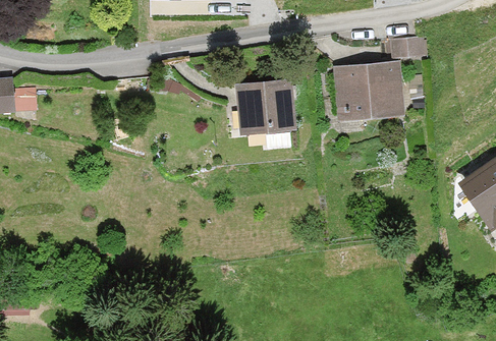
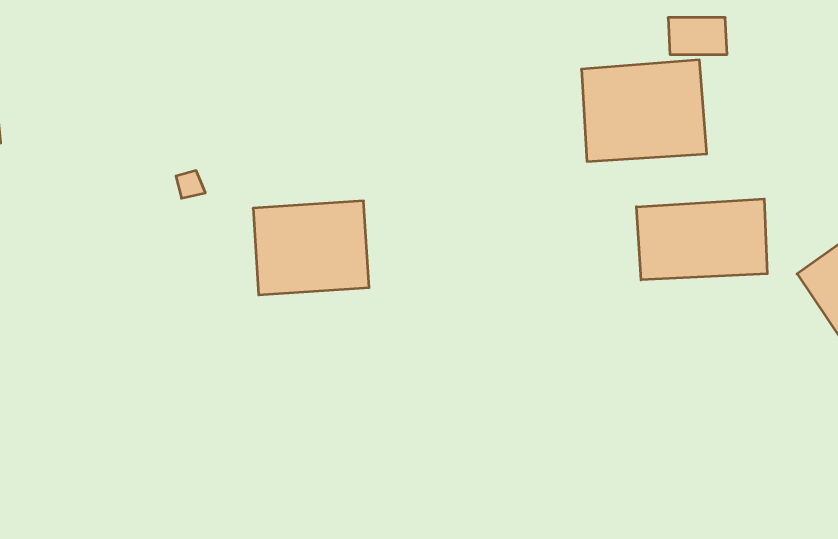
building: [234,79,298,131] -> [253,201,369,295]
building: none -> [636,199,767,280]

